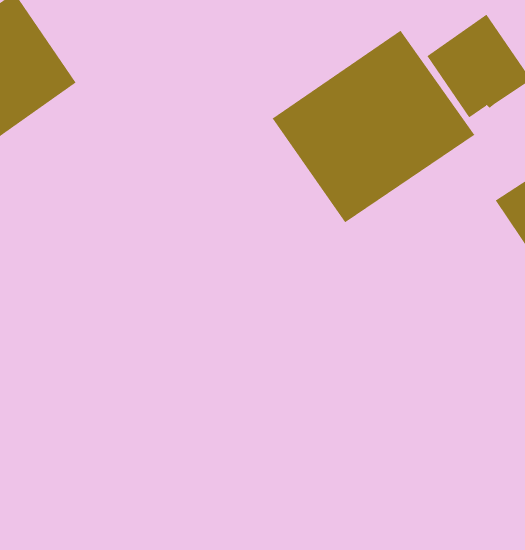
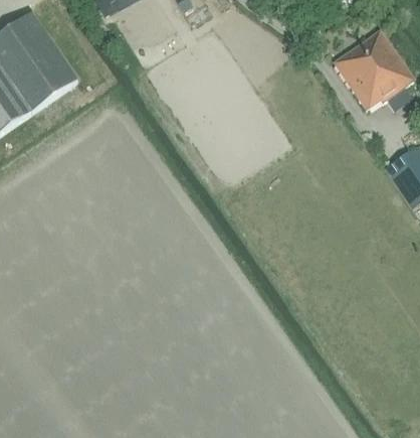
building: [272,30,475,223] -> none

